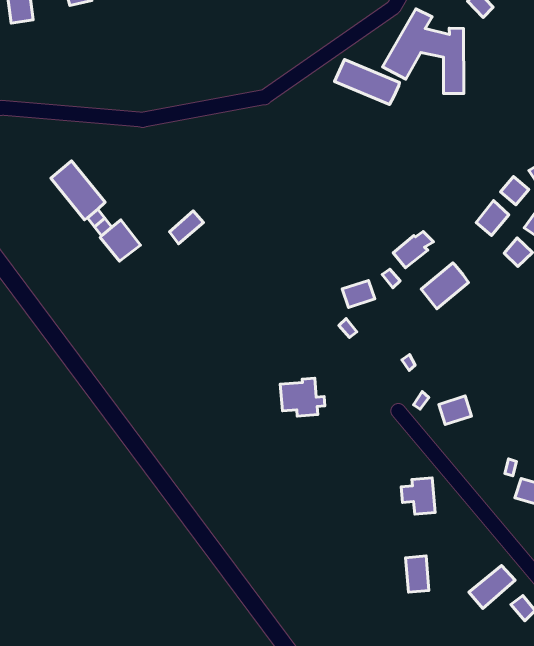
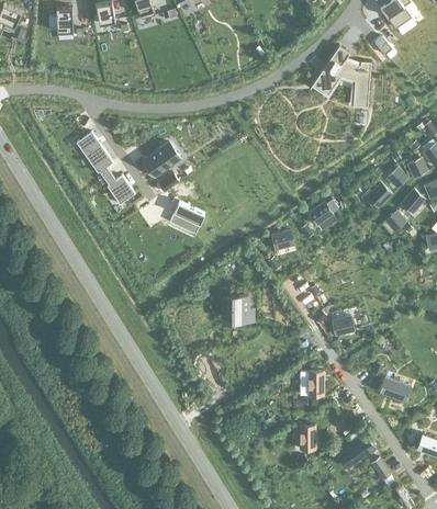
building: [334,59,400,105] -> none
building: none -> [144,143,179,176]
building: none -> [169,202,204,234]
building: [421,263,468,309] -> none

